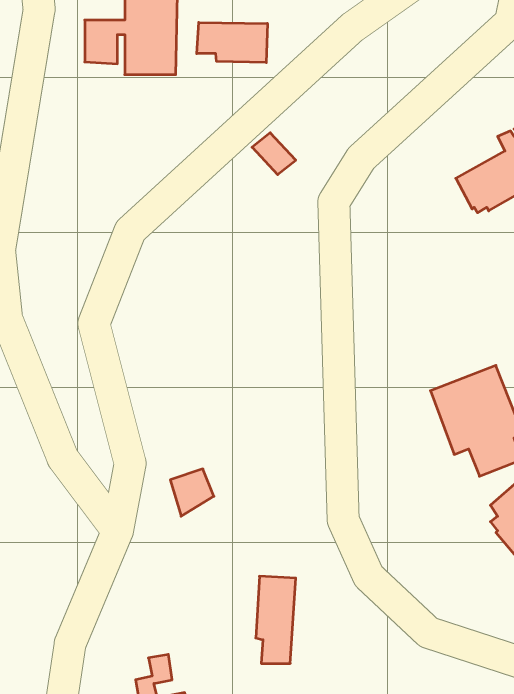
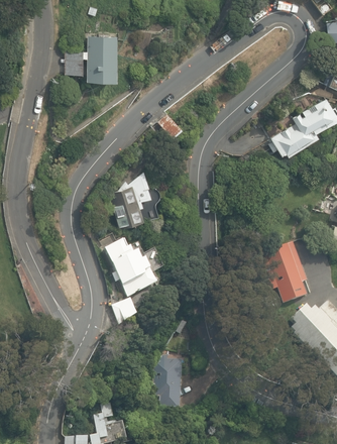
building: [197,22,267,63] -> none
building: none -> [112,171,160,228]
building: none -> [106,241,156,298]

